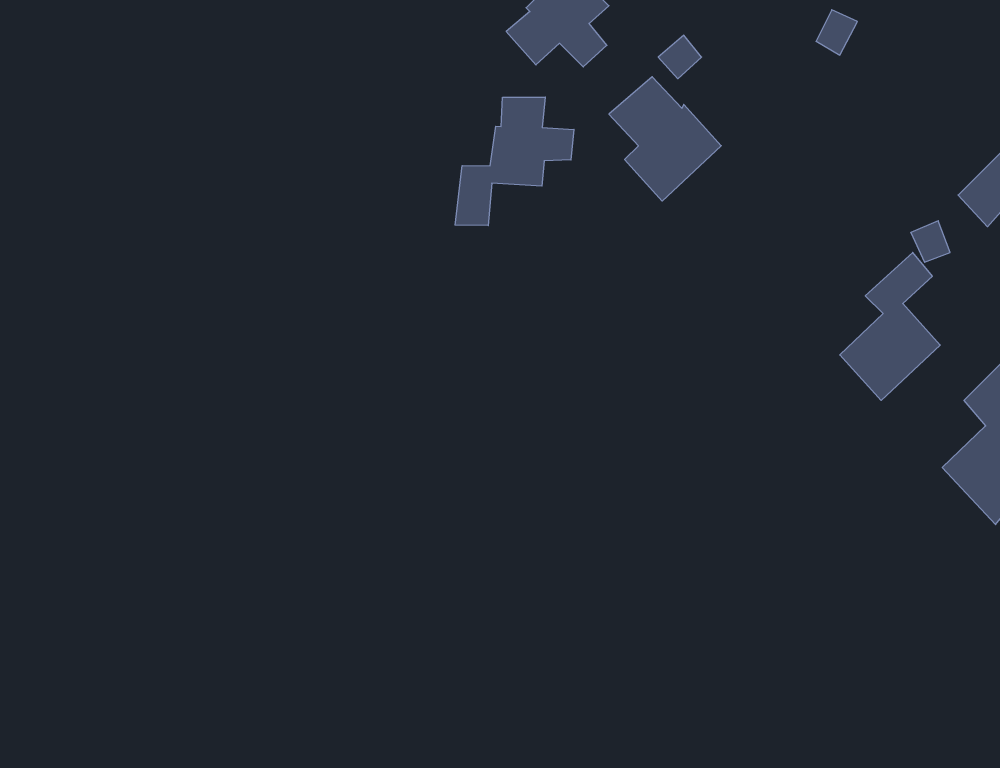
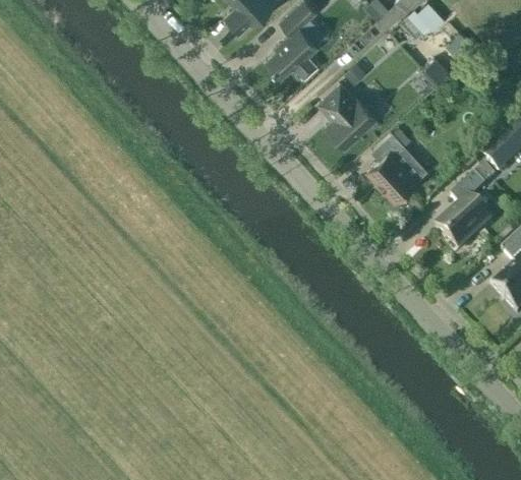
building: [455,97,574,226] -> none
building: none -> [367,133,416,202]

